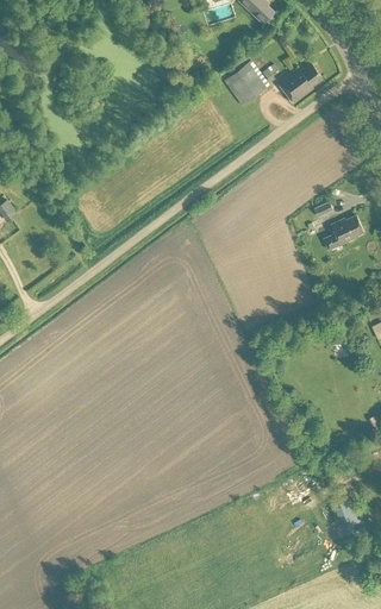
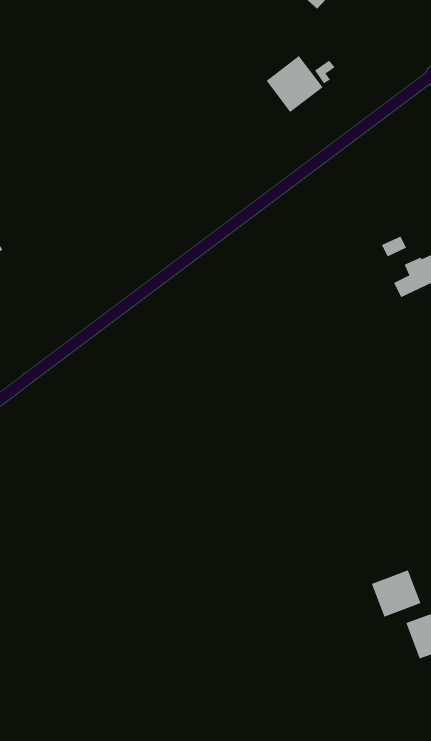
building: [276,63,320,105] -> none
building: none -> [371,569,421,618]

